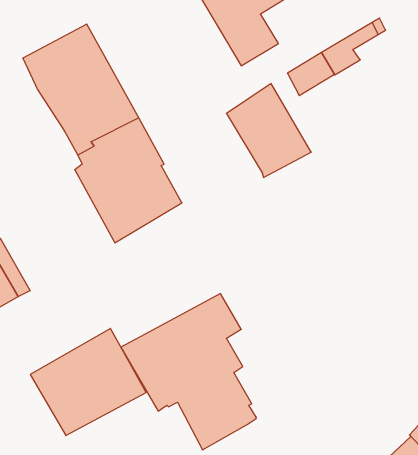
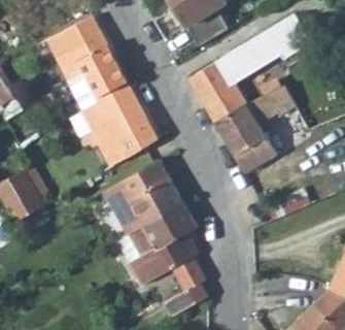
building: none -> [214,88,295,173]
building: [30,328,146,436] -> [104,160,184,234]

